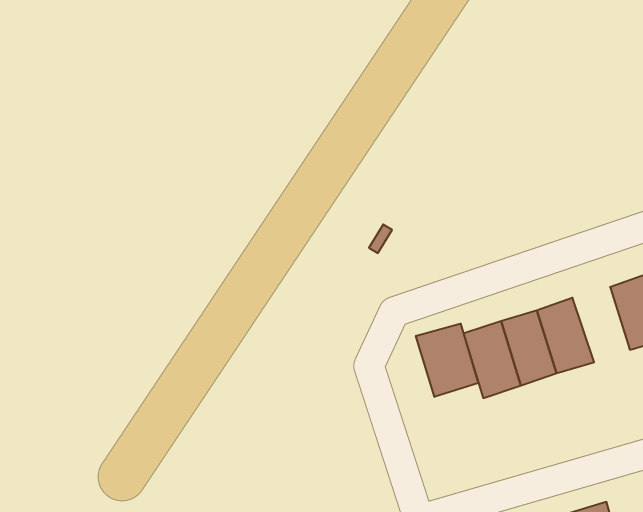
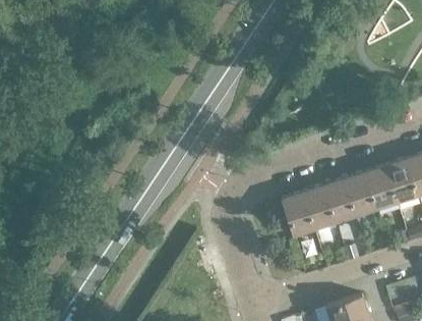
building: none -> [344,172,376,215]
building: [416,324,478,397] -> none

